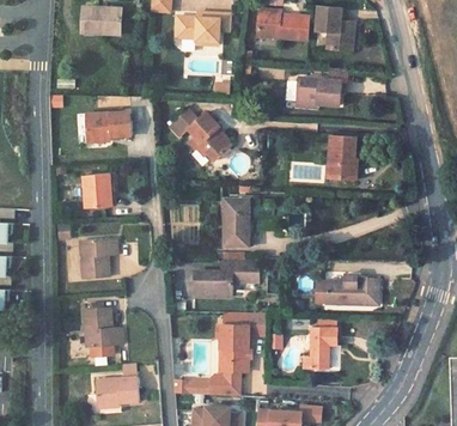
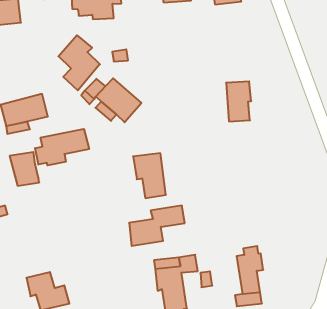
building: none -> [58,35,100,90]
building: [294,65,345,102] -> none
building: none -> [35,129,89,165]
building: [78,241,118,281] -> none
building: [323,270,377,300] -> none

